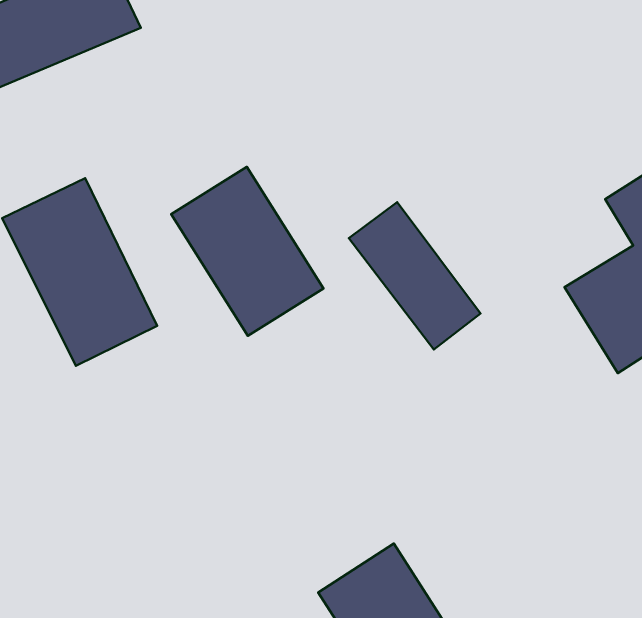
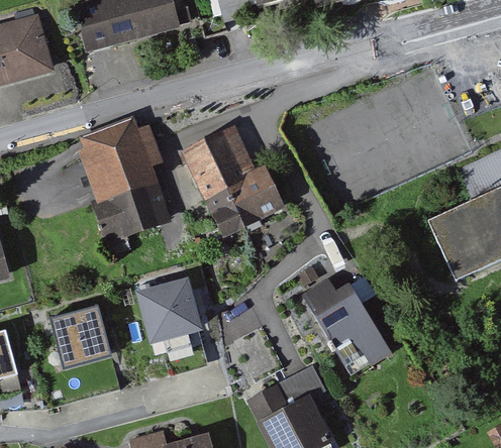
building: [349,202,481,349] -> [309,275,387,371]
building: none -> [145,271,212,337]
building: none -> [64,299,124,360]

